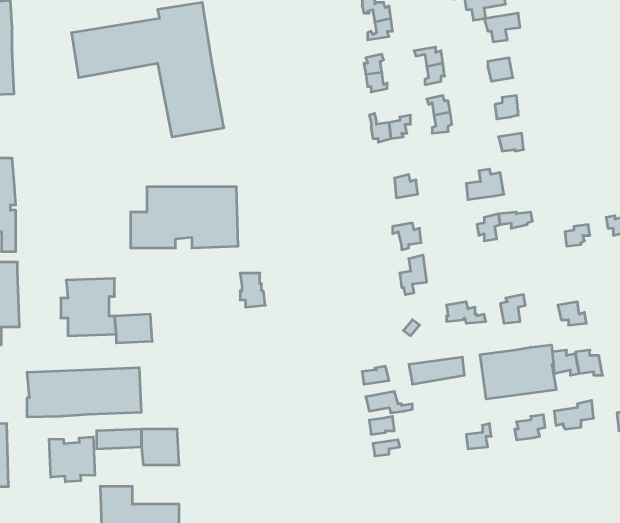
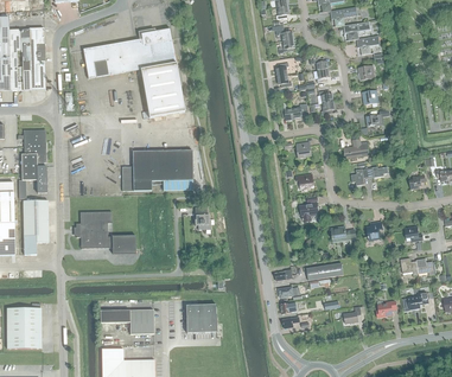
building: [480,345,556,399] -> none
building: [27,368,141,417] -> none
building: none -> [185,302,216,332]
building: [49,437,95,482] -> none

